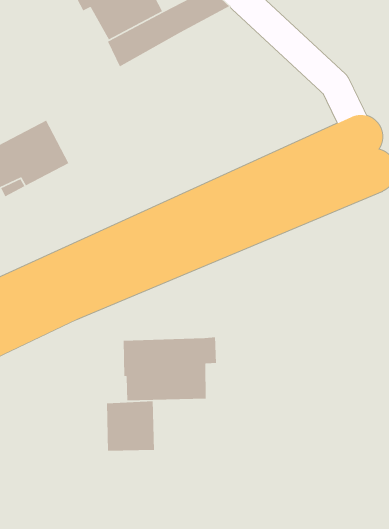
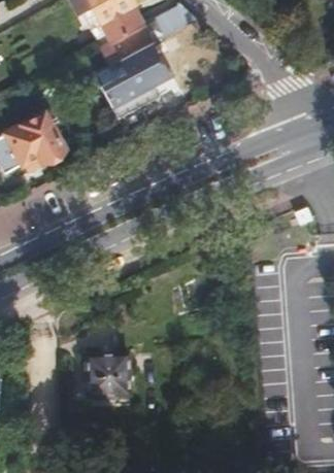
building: none -> [93,40,173,138]
building: [123,337,217,401] -> none

